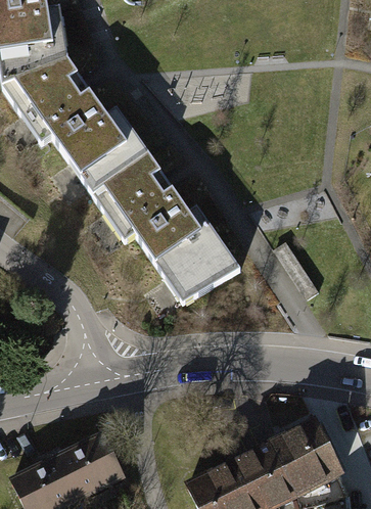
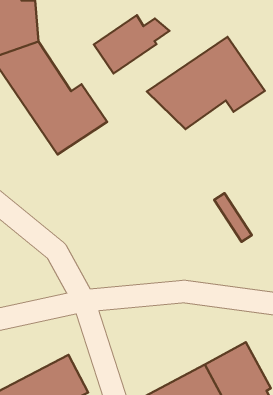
building: none -> [94,15,169,74]
building: none -> [147,37,265,129]
building: [88,155,237,303] -> none

